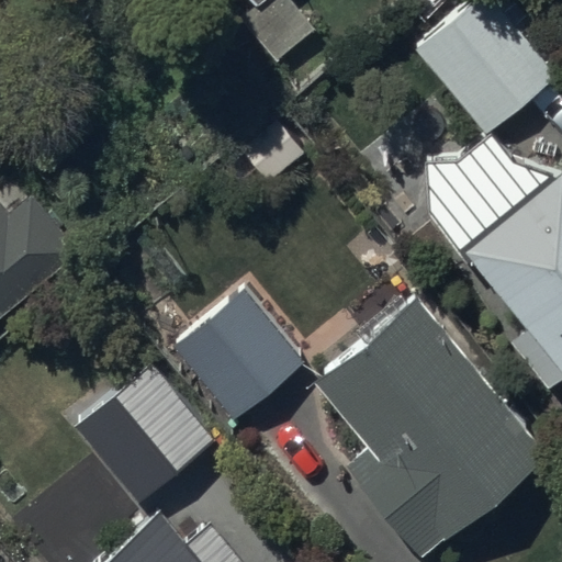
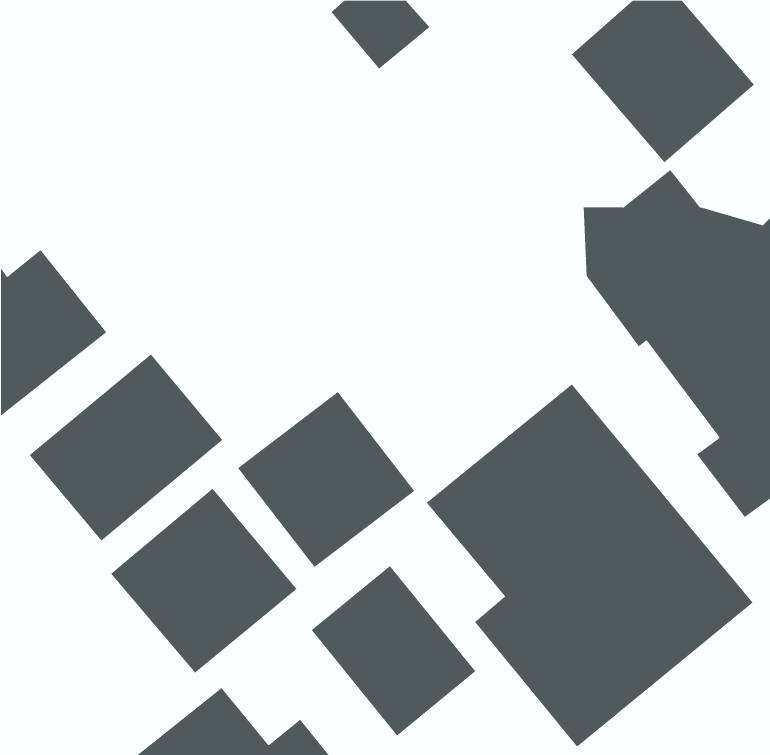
building: none -> [29,354,223,541]
building: none -> [311,565,476,736]

